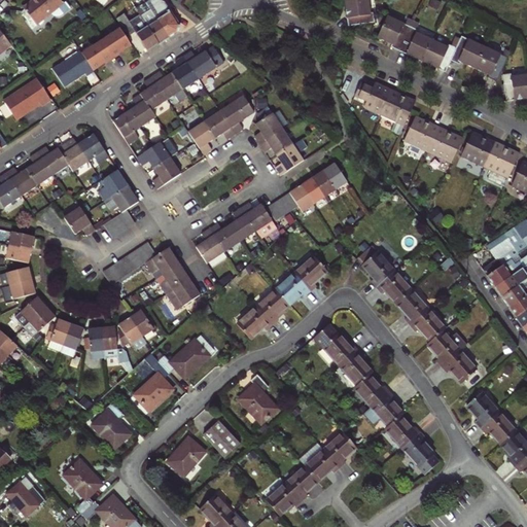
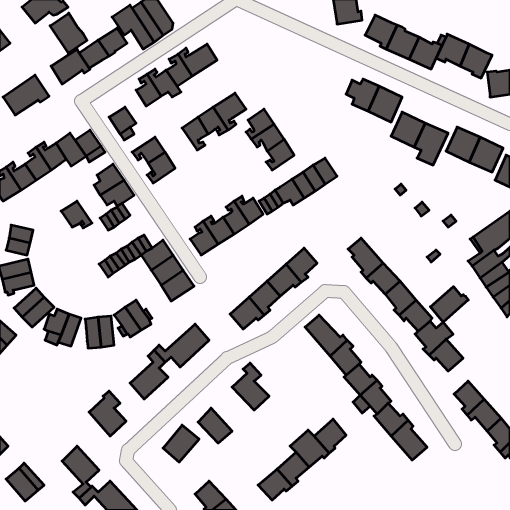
building: none -> [50,13,87,53]
building: [129,93,155,127] -> none
building: none -> [430,287,468,322]

